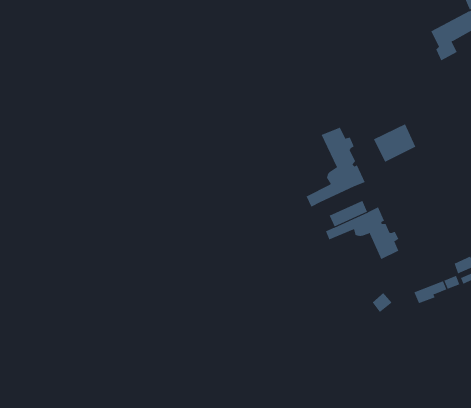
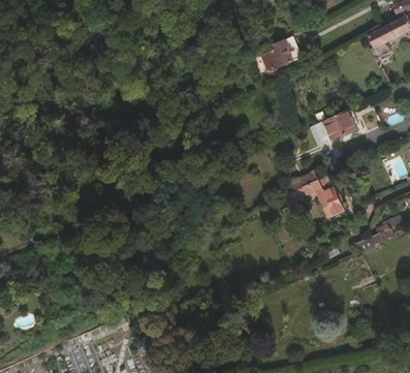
building: none -> [262,39,292,71]
building: [306,127,365,207] -> none

